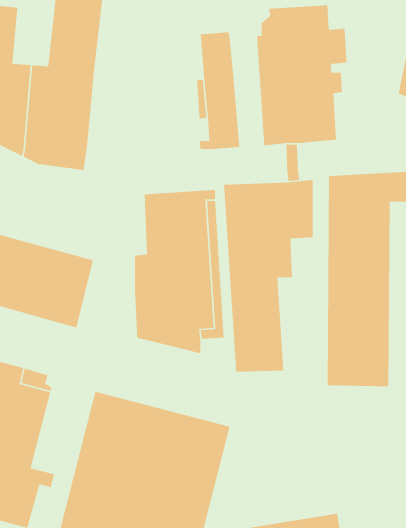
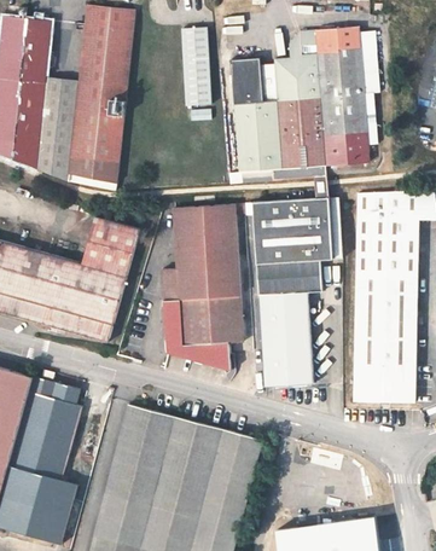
building: none -> [180,31,209,110]
building: none -> [260,53,292,164]
building: none -> [81,218,136,276]

